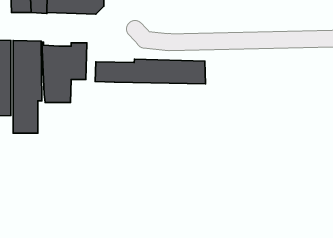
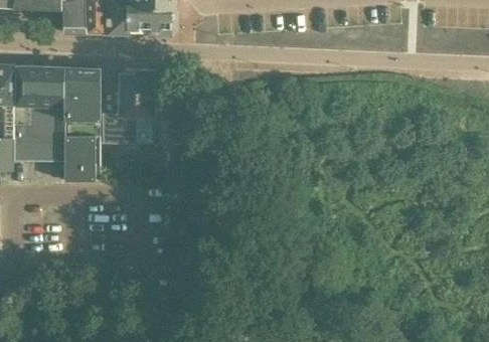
building: [95,59,205,84] -> none

